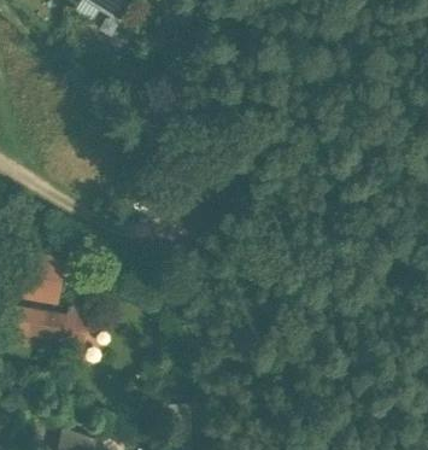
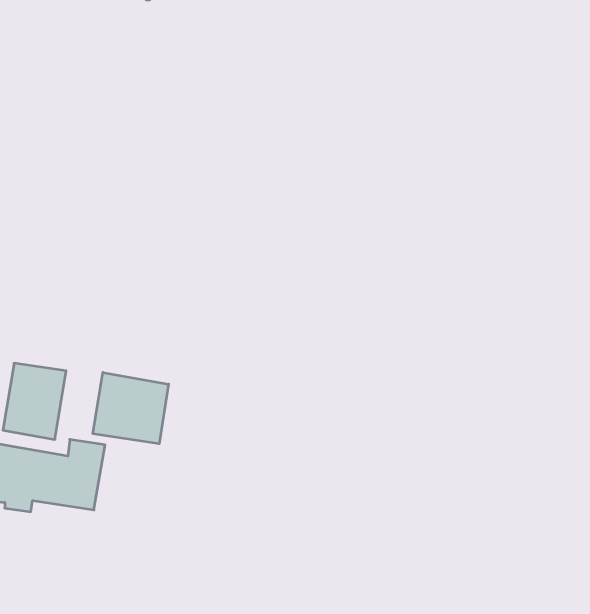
building: none -> [93,372,169,444]

